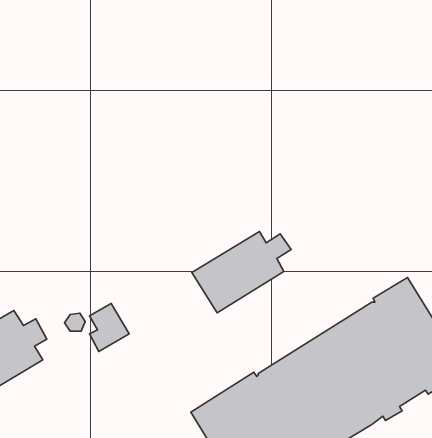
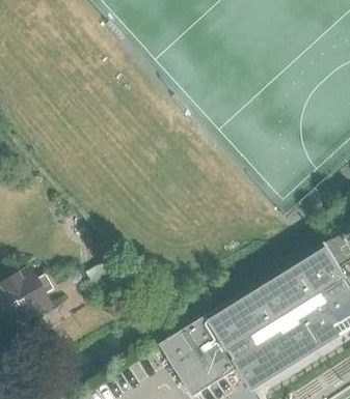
building: [192,231,291,313] -> none

